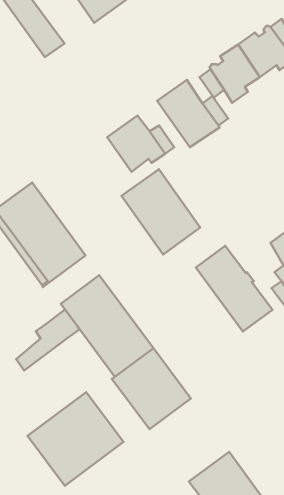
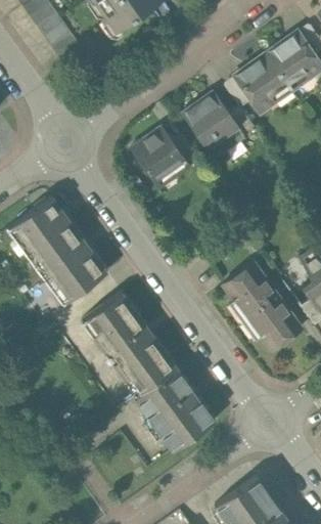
building: [121,169,200,254] -> none
building: [16,310,79,371] -> none
building: [28,392,123,486] -> none

